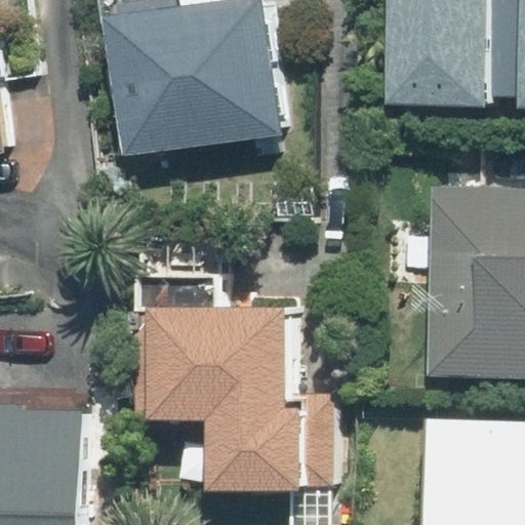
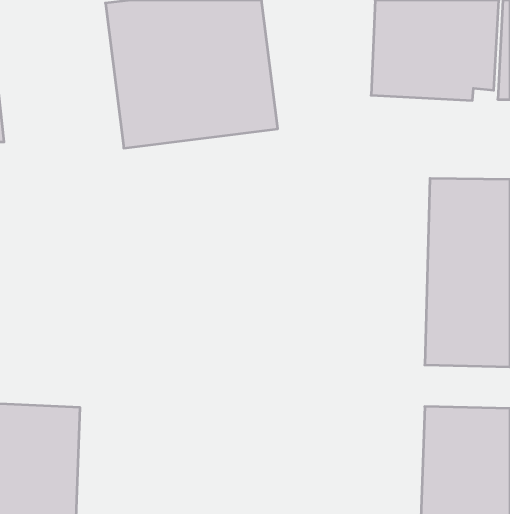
building: [145,310,299,486] -> none

